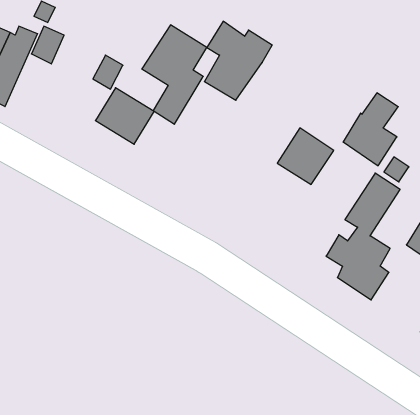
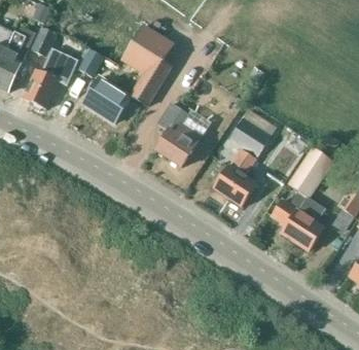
building: [204,21,272,100] -> [155,102,211,167]
building: none -> [22,56,70,109]
building: [343,93,398,166] -> [213,147,258,207]

